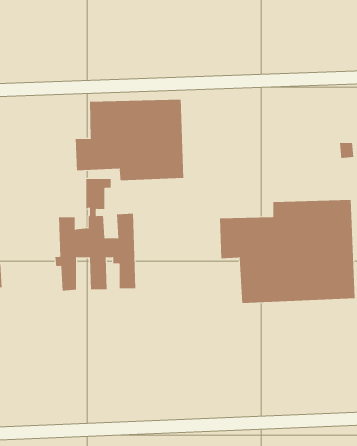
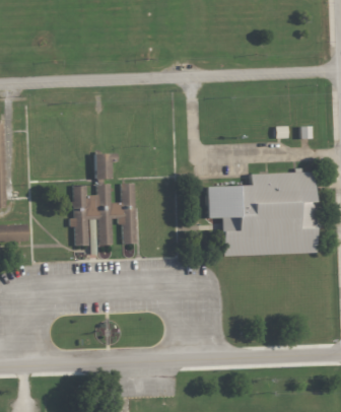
building: [75,99,184,181] -> none

